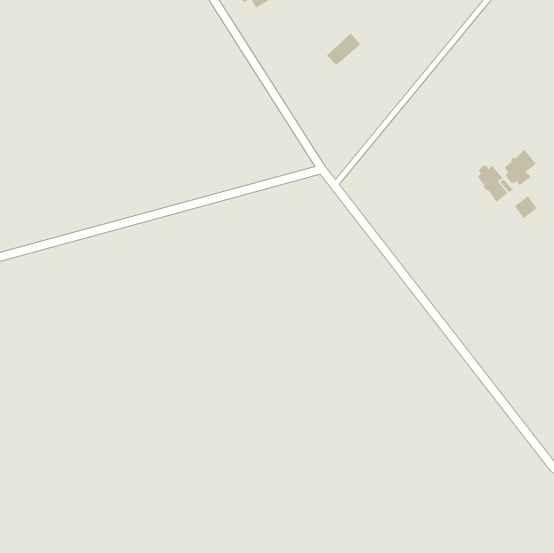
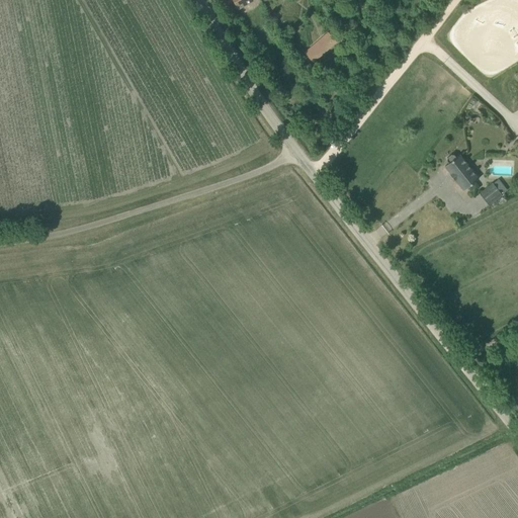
building: [504,149,537,186] -> none

